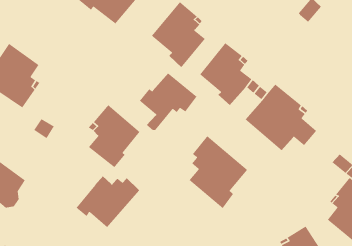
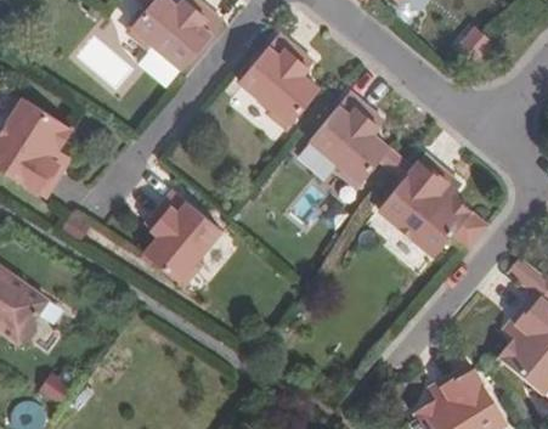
building: [139,73,198,131] -> none
building: [189,135,248,209] -> none
building: [76,175,140,228] -> none

